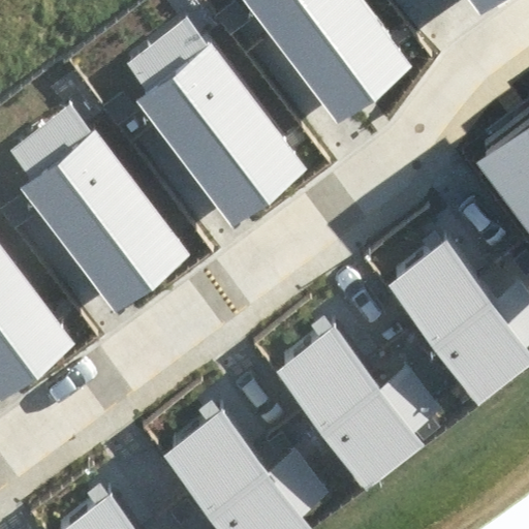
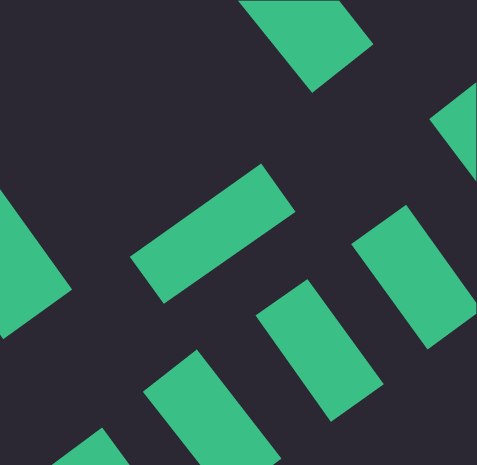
building: [138,42,306,223] -> none
building: [15,130,188,312] -> none
building: none -> [129,163,296,305]

